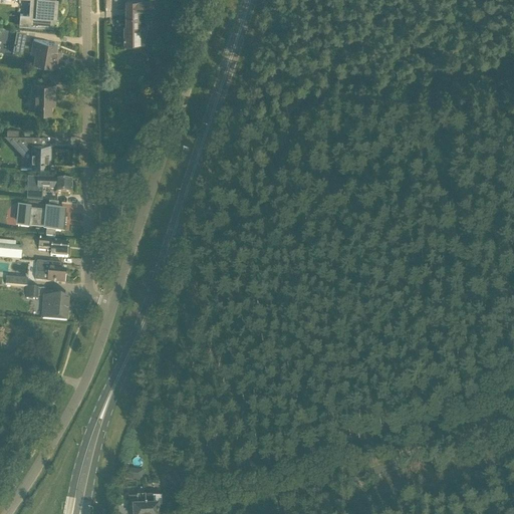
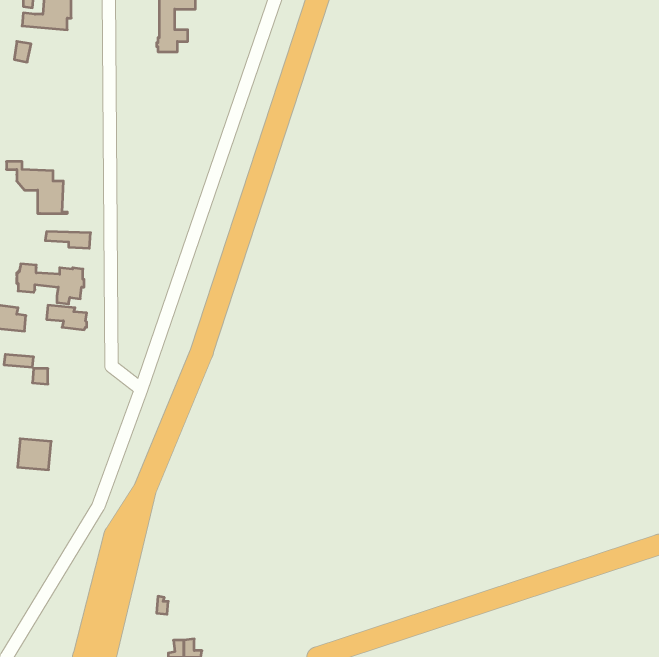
building: [29,35,58,64] -> none
building: [30,80,53,109] -> none
building: [33,260,64,282] -> none
building: [40,295,66,319] -> [18,439,51,470]

